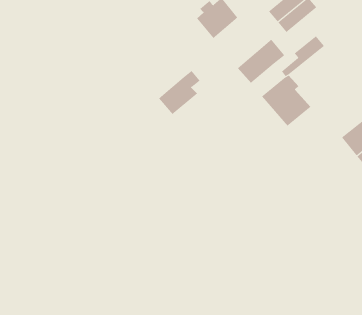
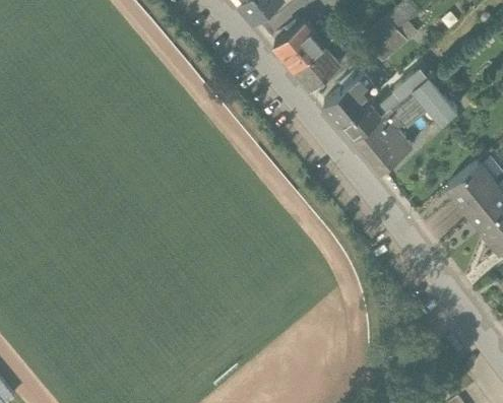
building: none -> [384,79,456,129]
building: none -> [339,100,380,139]
building: [158,70,200,115] -> [295,38,344,90]

